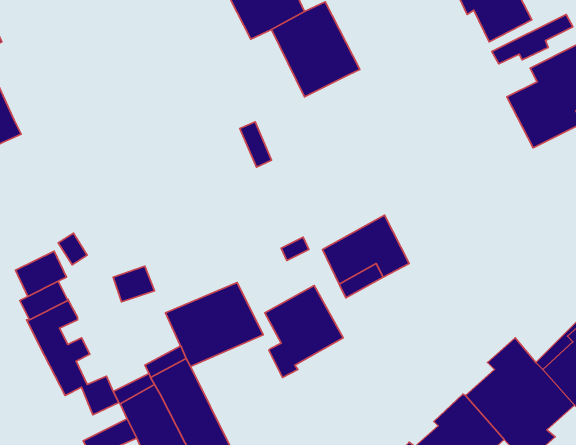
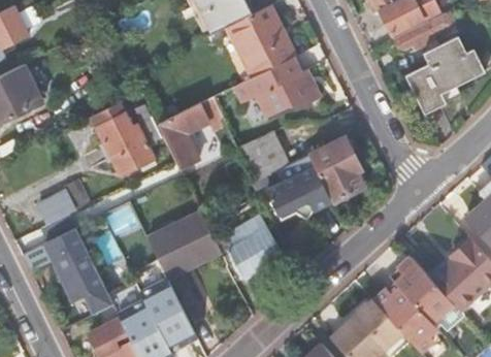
building: none -> [232,57,320,116]
building: none -> [91,102,153,173]
building: none -> [158,102,208,168]
building: none -> [237,131,288,181]
building: none -> [308,138,362,202]

